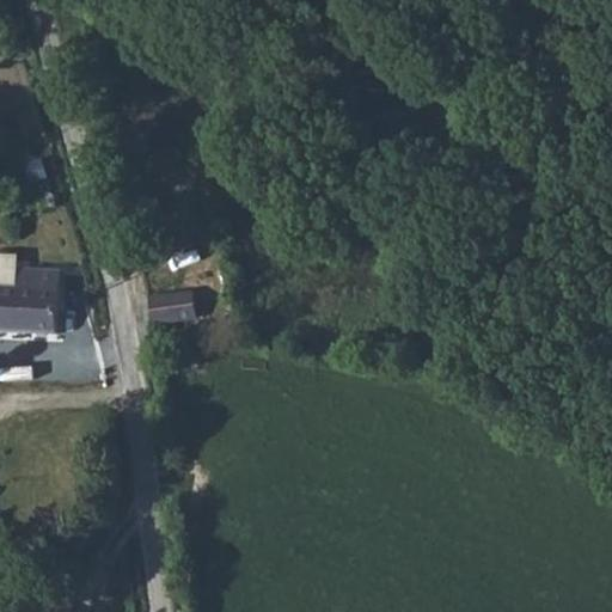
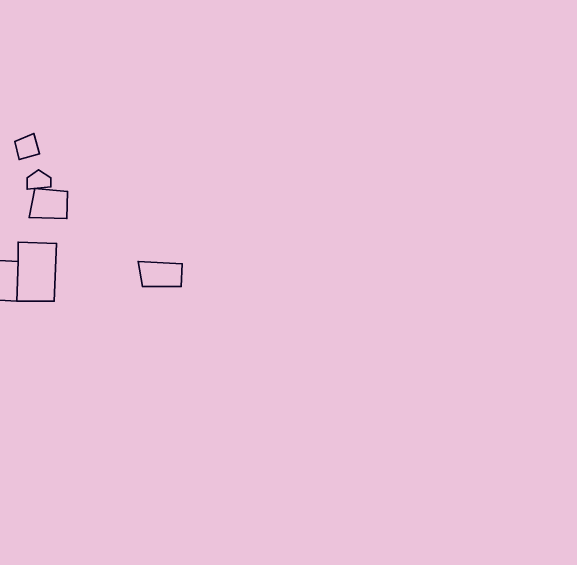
building: none -> [29,188,67,219]

